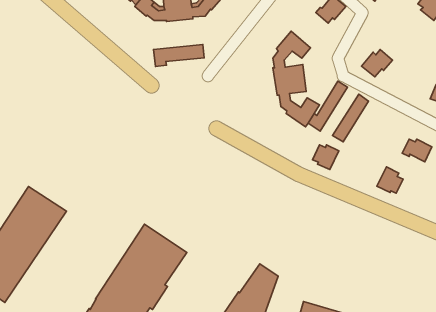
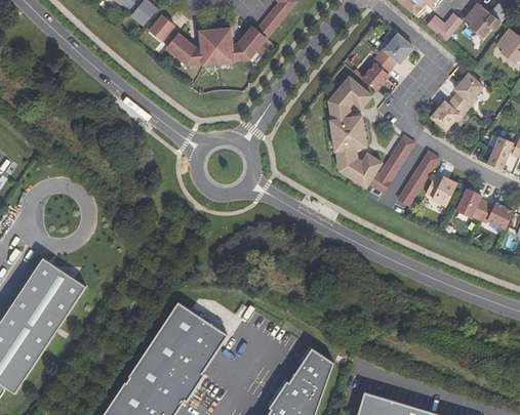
building: none -> [362,55,392,91]
building: none -> [452,74,483,111]
building: [153,45,204,67] -> none
building: none -> [487,137,513,170]
building: [312,145,339,169] -> [426,177,456,206]
building: [377,167,403,193] -> [455,189,486,219]

